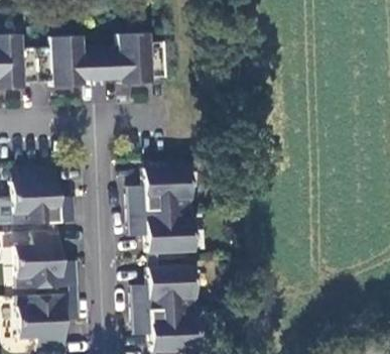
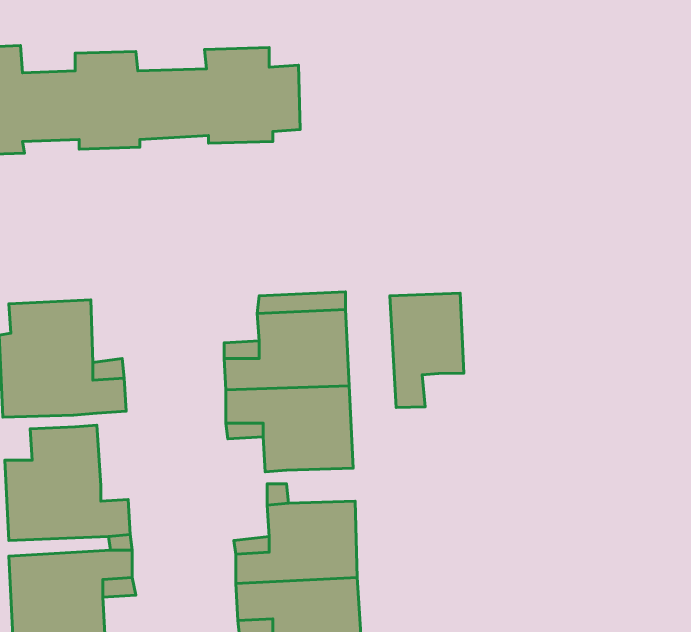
building: none -> [390,293,464,408]

